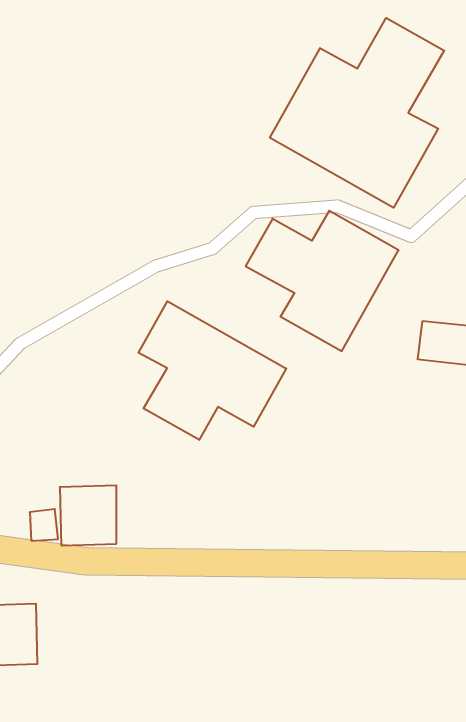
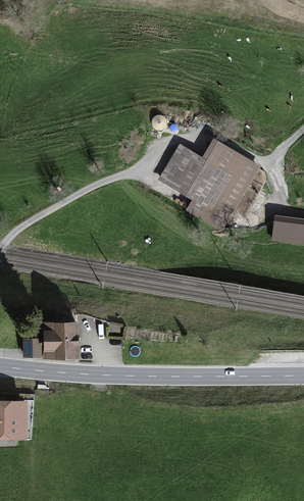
building: [270,18,444,208] -> none
building: [138,301,286,440] -> none

